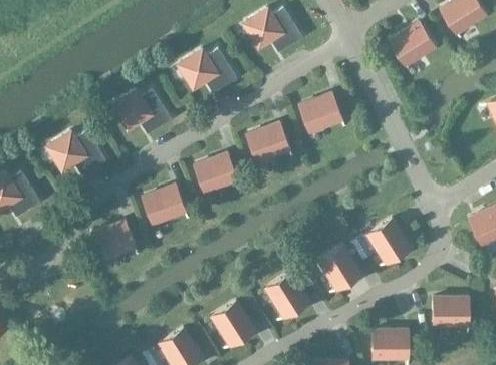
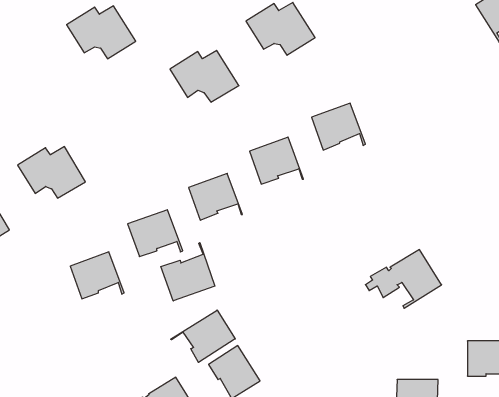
building: [390,22,434,73] -> none
building: [112,89,172,134] -> [67,6,136,59]
building: none -> [161,243,215,301]
building: [317,245,361,295] -> none
building: none -> [171,310,235,362]
building: [264,273,308,323] -> none

